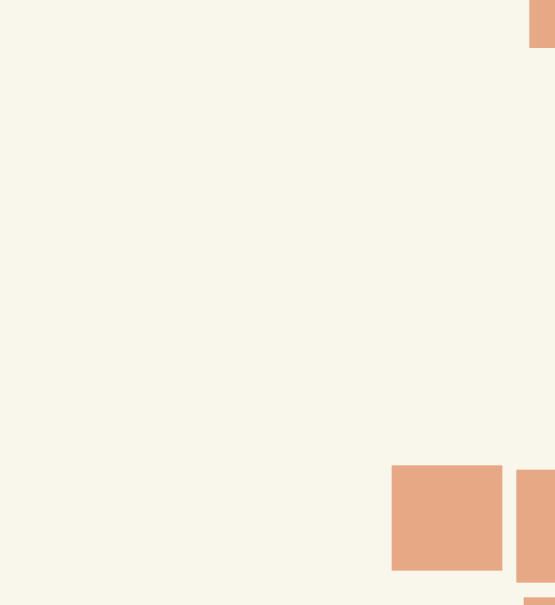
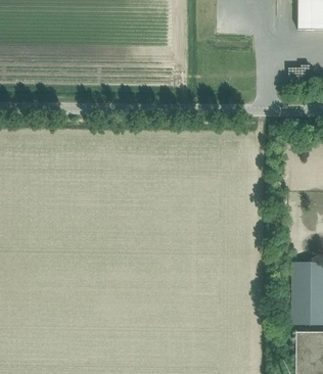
building: [391,464,503,572] -> none

